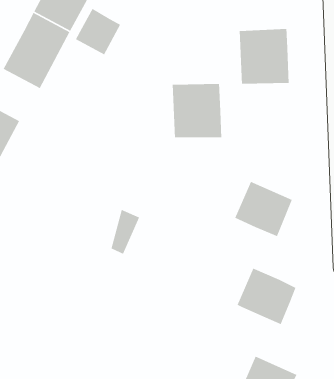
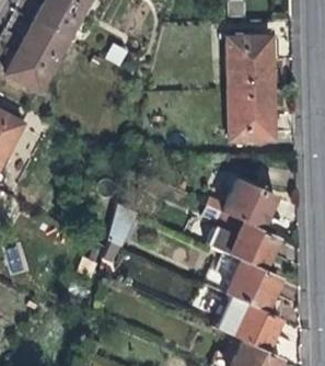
building: [75,8,121,56] -> none
building: [172,83,222,138] -> [229,88,276,139]
building: none -> [229,222,279,271]
building: none -> [232,305,280,353]

